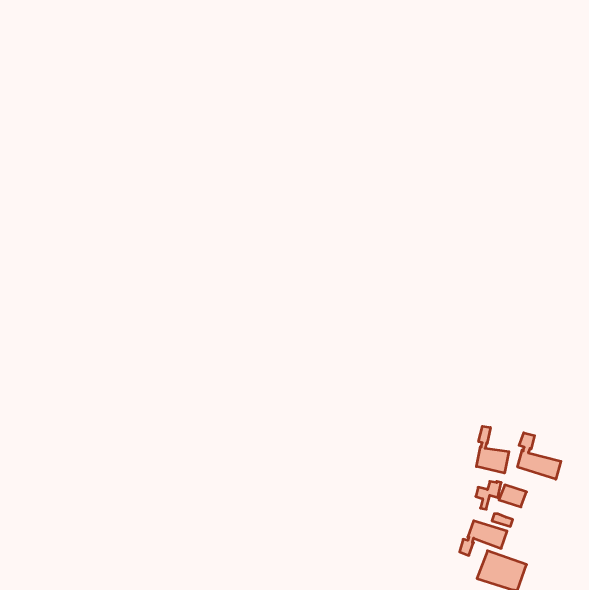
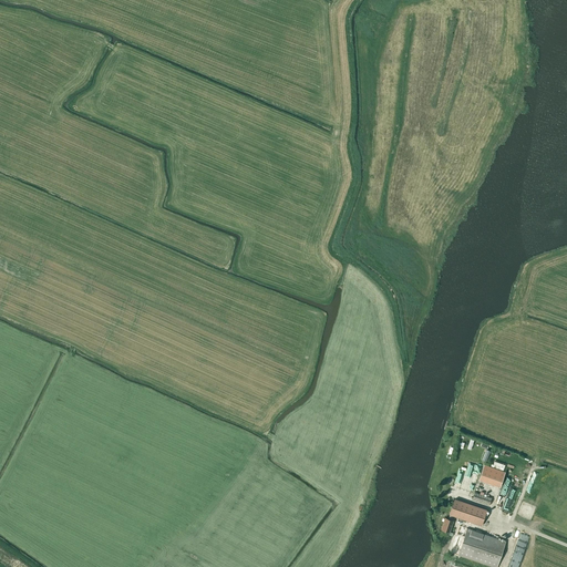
building: [476,426,509,473] -> none
building: [518,433,561,479] -> none

